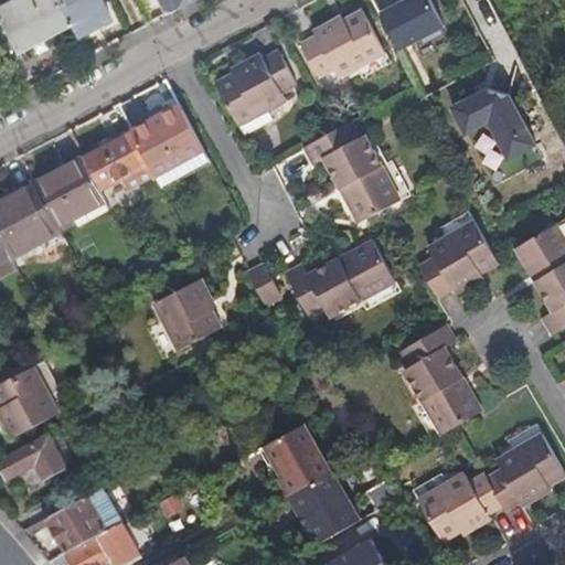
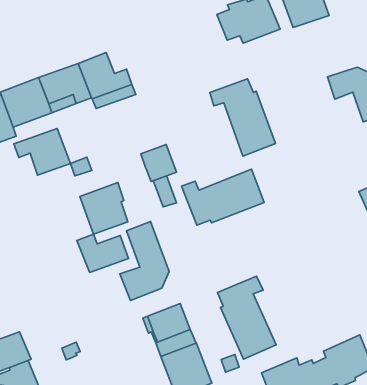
building: [214,51,294,125] -> none
building: none -> [14,128,71,175]
building: [416,221,495,297] -> none
building: none -> [141,144,176,181]
building: none -> [120,222,169,301]
building: [397,324,482,434] -> [217,276,276,359]
building: none -> [77,234,128,272]

